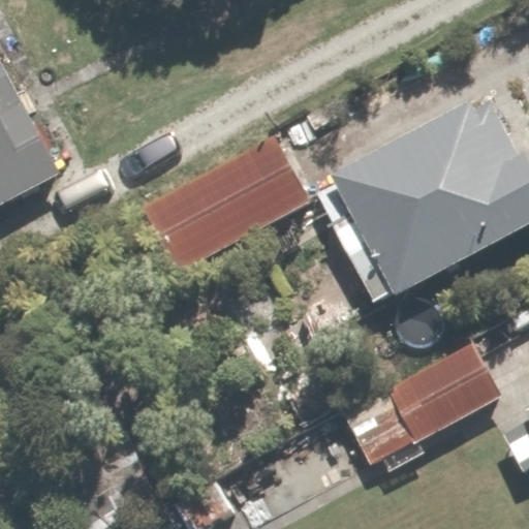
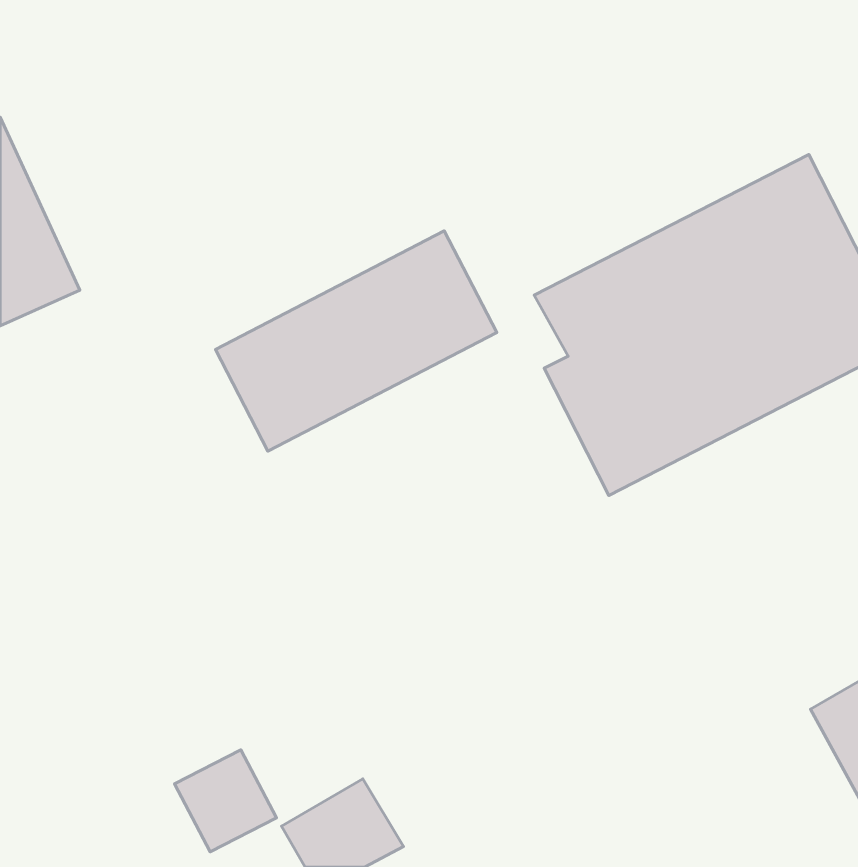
building: [339,340,506,463] -> none

